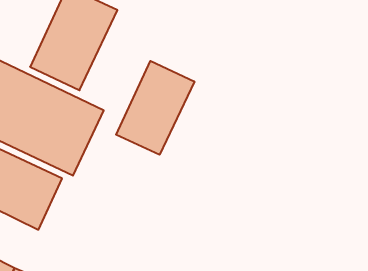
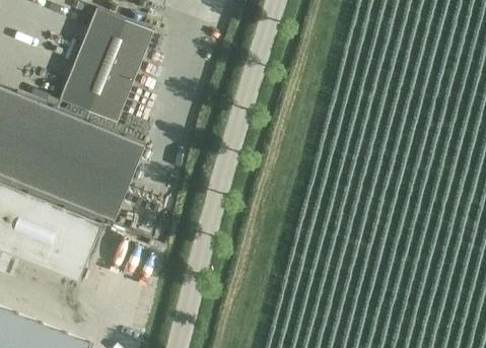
building: [116,61,194,155] -> none

